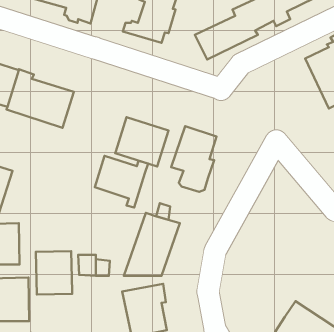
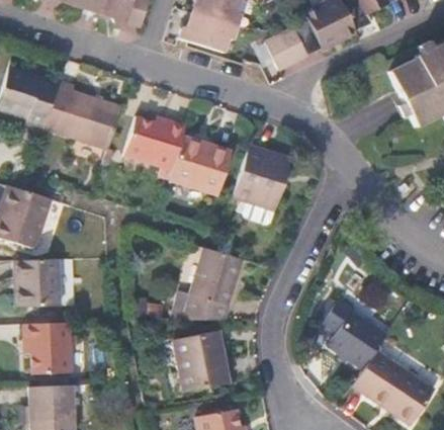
building: [95,156,148,207] -> [124,117,186,177]
building: [36,251,72,294] -> none
building: none -> [320,296,388,368]

